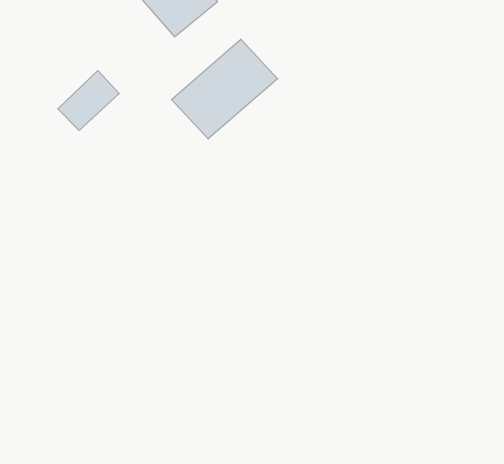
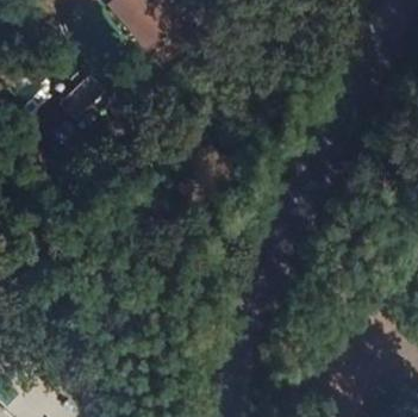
building: [172,39,278,139] -> none

